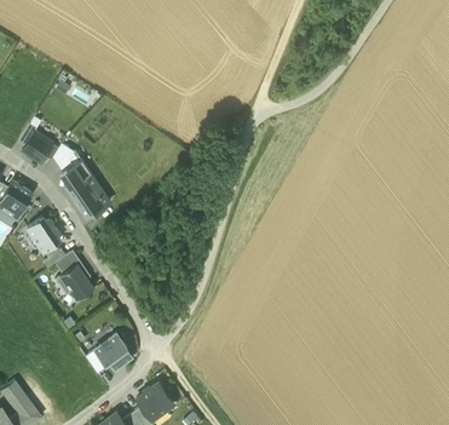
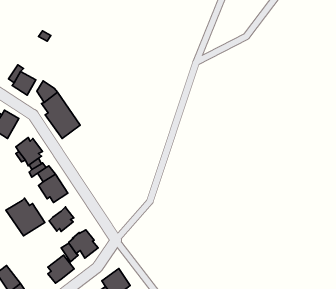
building: none -> [6,198,45,236]
building: none -> [49,207,74,231]
building: none -> [48,255,74,283]

